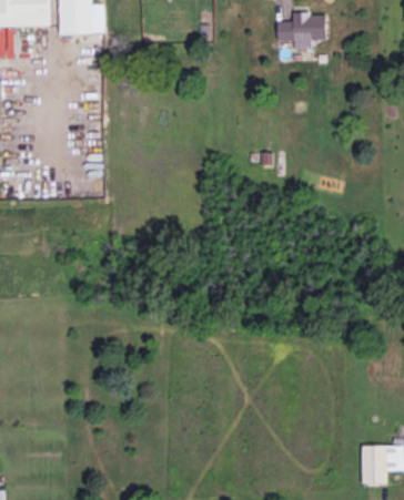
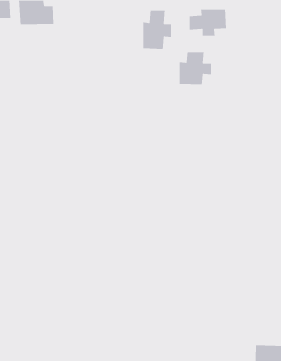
building: none -> [142,10,172,50]
building: none -> [179,52,212,85]

